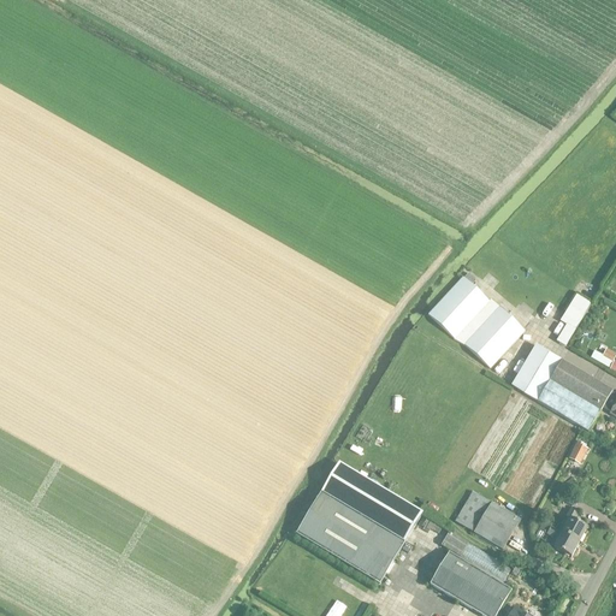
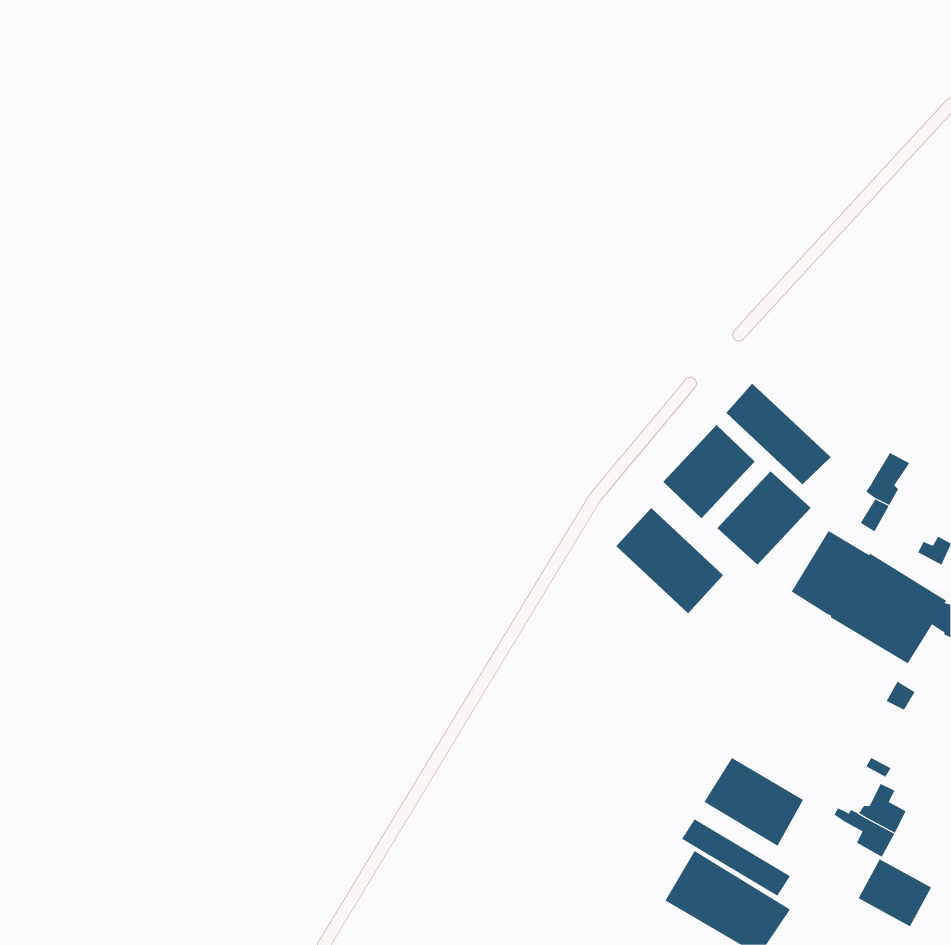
building: none -> [726,383,831,485]
building: none -> [615,507,724,614]
building: [296,460,422,581] -> none
building: none -> [858,858,932,927]

